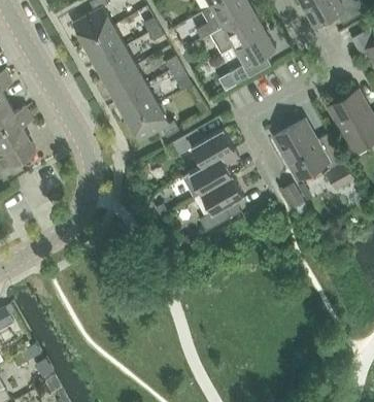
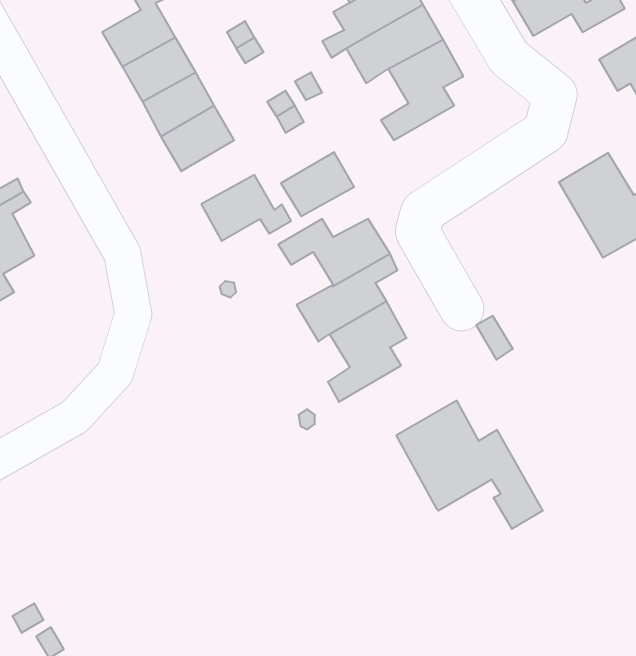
building: [116,85,158,121] -> [281,152,354,216]
building: [271,118,353,190] -> [396,401,543,529]

